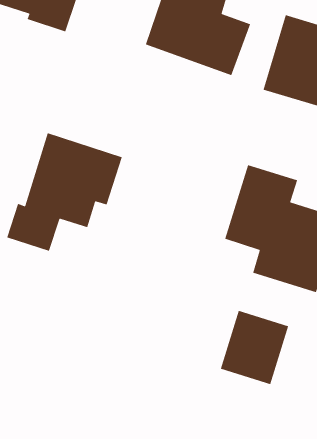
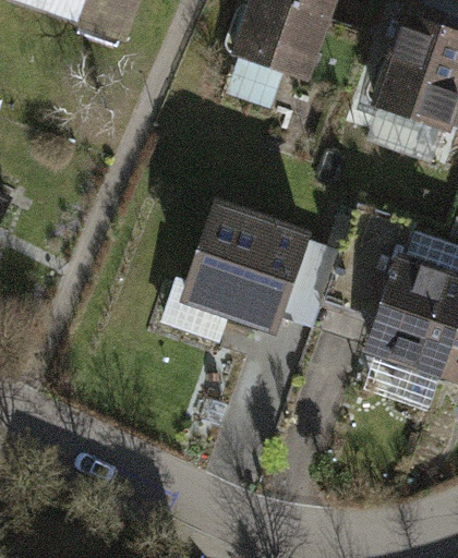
building: [6,132,123,252] -> [165,197,311,347]
building: [220,310,289,385] -> none

